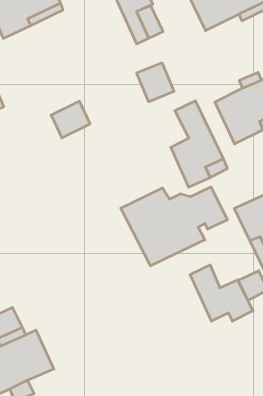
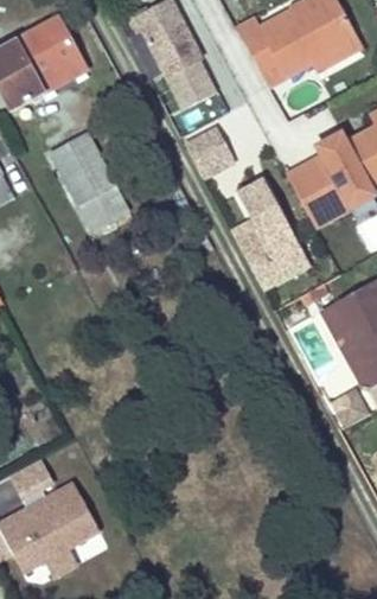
building: none -> [50,132,114,205]
building: [121,187,227,266] -> none
building: [190,265,253,321] -> none

